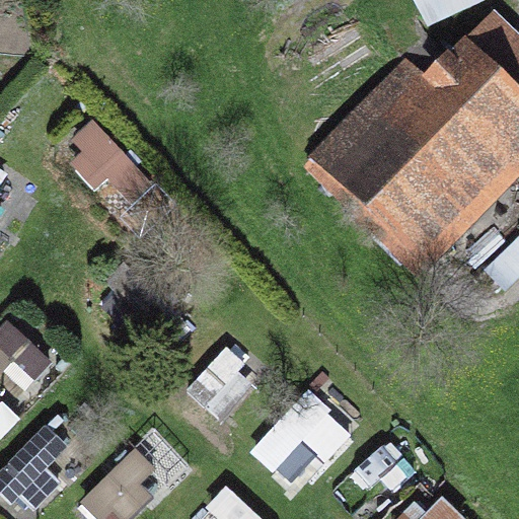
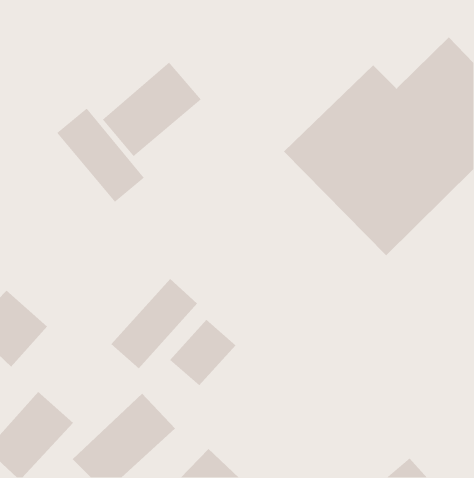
building: none -> [102,62,202,157]
building: none -> [110,278,198,369]
building: [248,407,347,491] -> none

